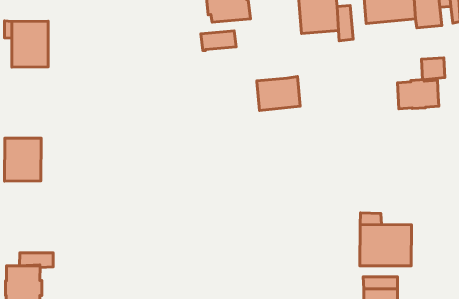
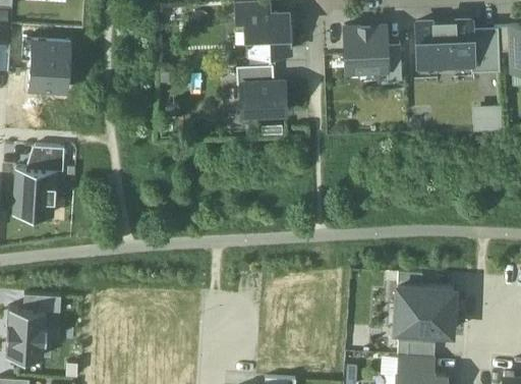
building: [257,77,300,110] -> [240,83,286,117]
building: [397,80,439,109] -> none
building: none -> [34,148,64,171]

